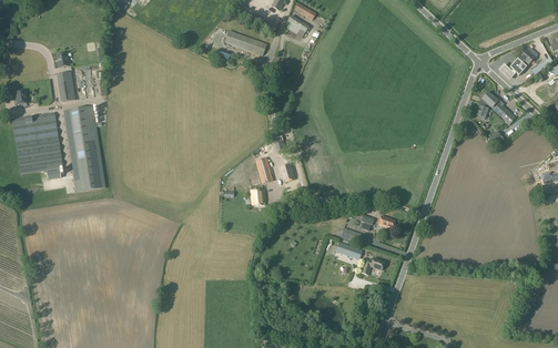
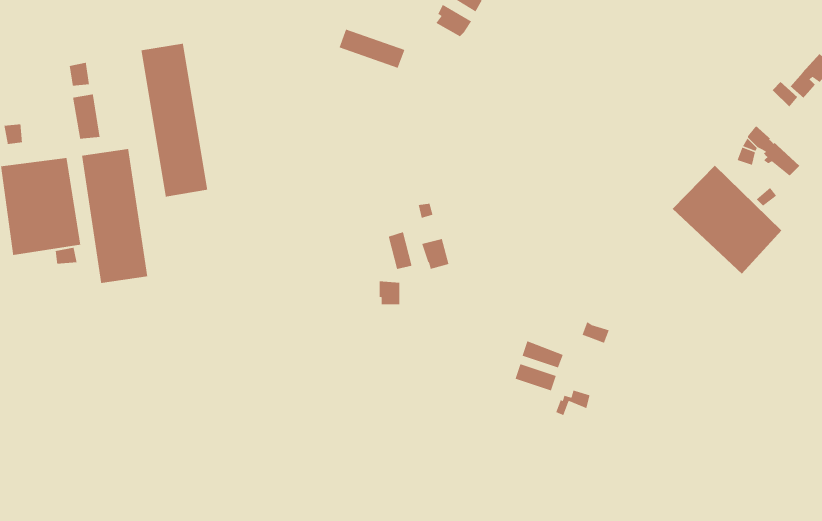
building: none -> [141,43,208,198]
building: none -> [672,165,782,274]

